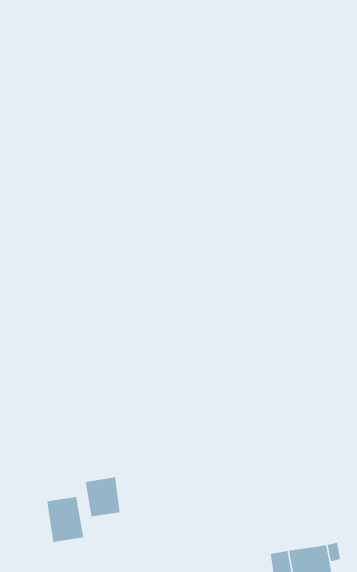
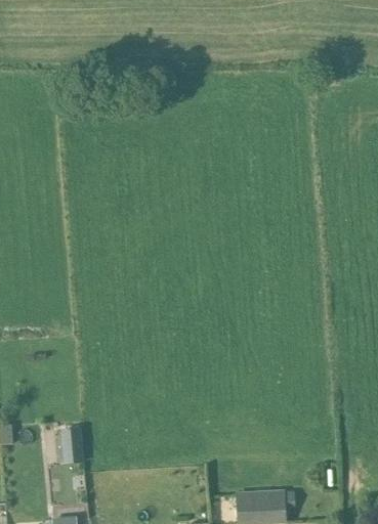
building: [85,477,120,517] -> none

